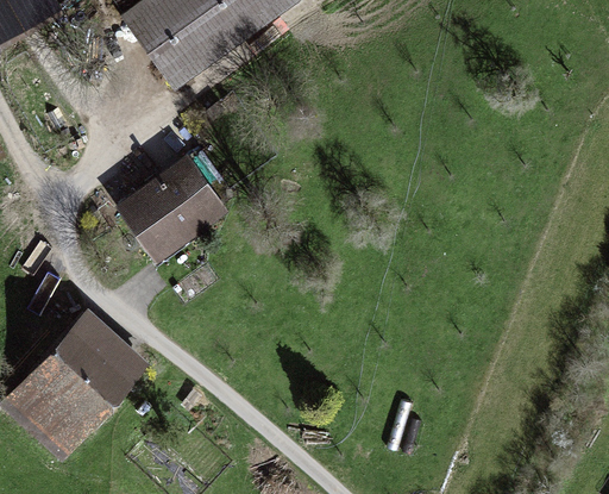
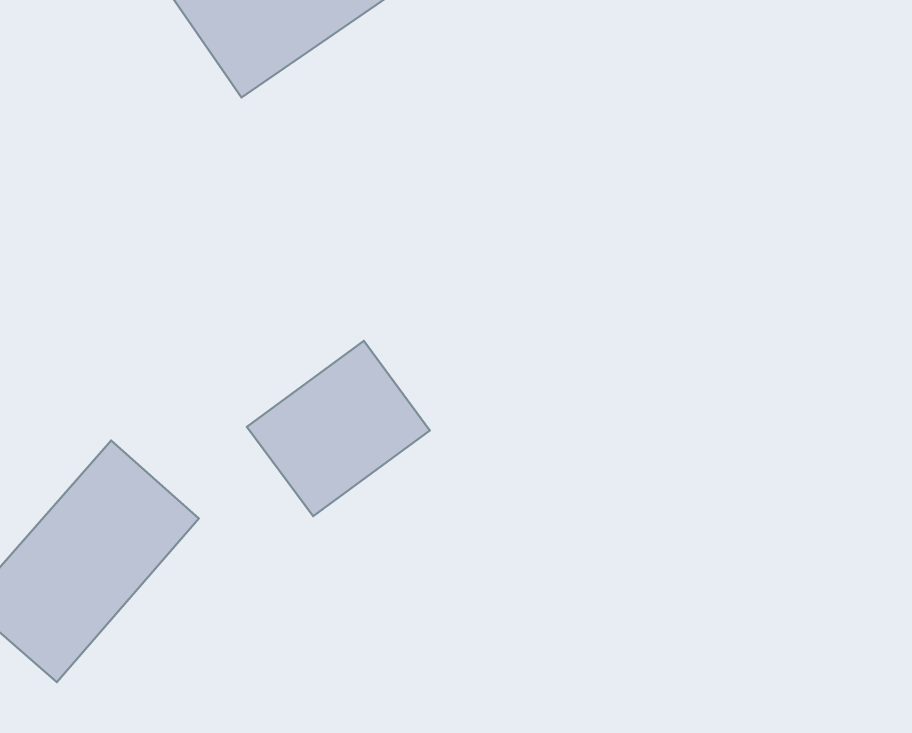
building: [118,156,230,263] -> [247,341,430,516]

